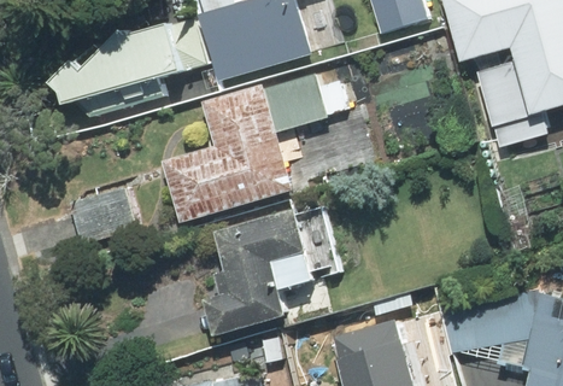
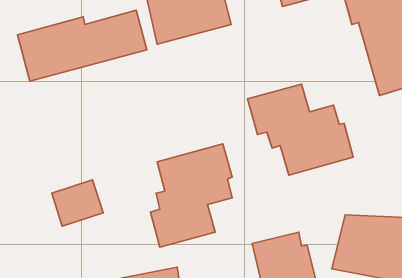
building: [162,72,344,222] -> none
building: none -> [248,84,353,175]
building: [65,186,130,245] -> [52,180,103,226]

